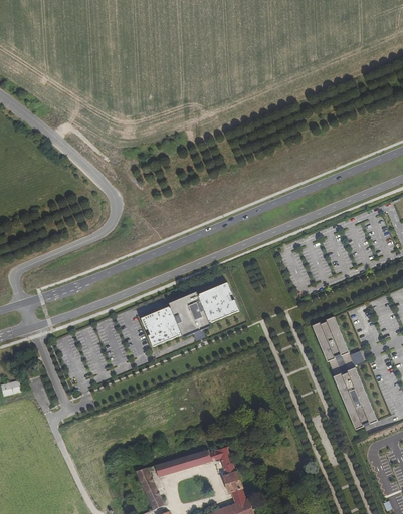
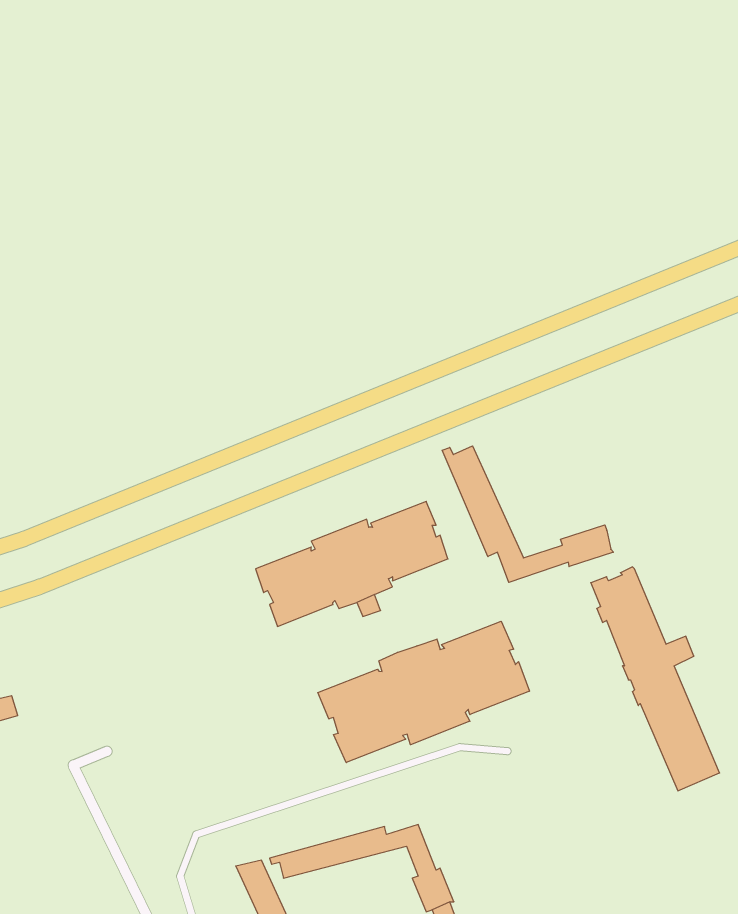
building: none -> [442,446,613,582]
building: none -> [318,621,529,763]

